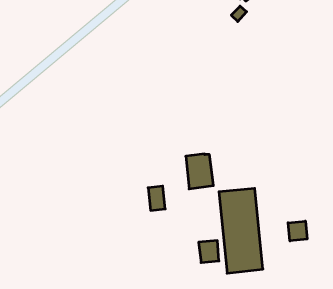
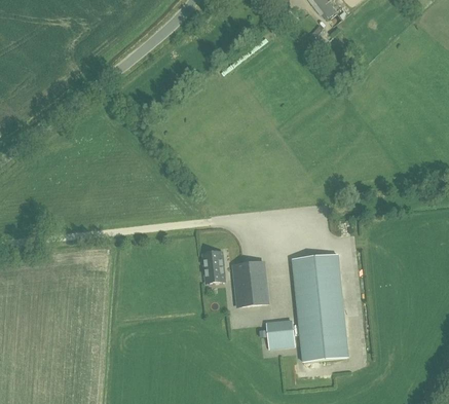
building: [186,154,213,189] -> [233,261,268,305]
building: [288,221,307,241] -> none

